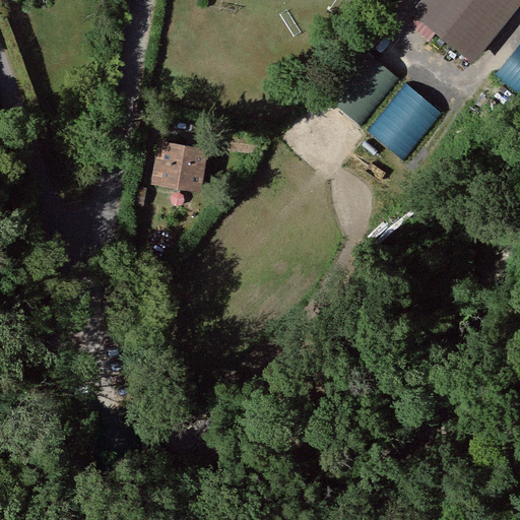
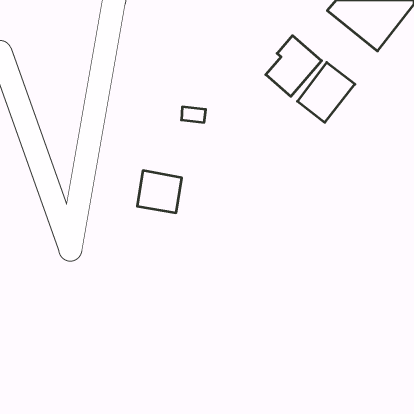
building: [150,140,206,193] -> [137,171,182,213]

